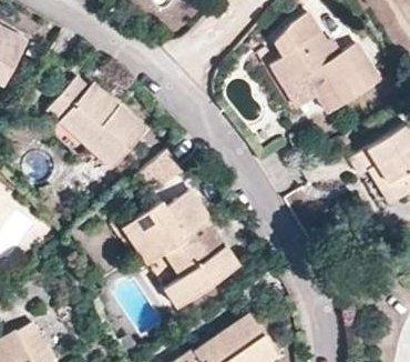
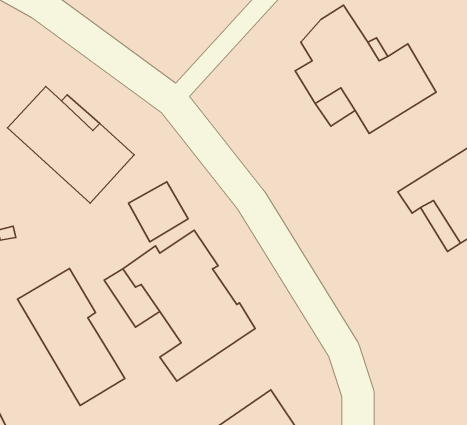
building: none -> [17,269,125,406]

